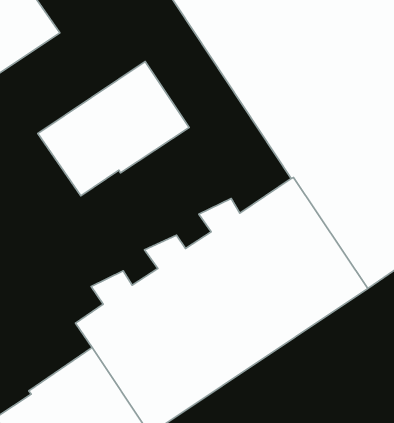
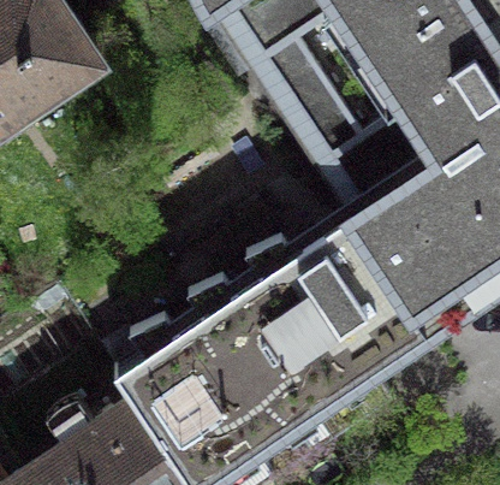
building: [38,62,189,196] -> none

